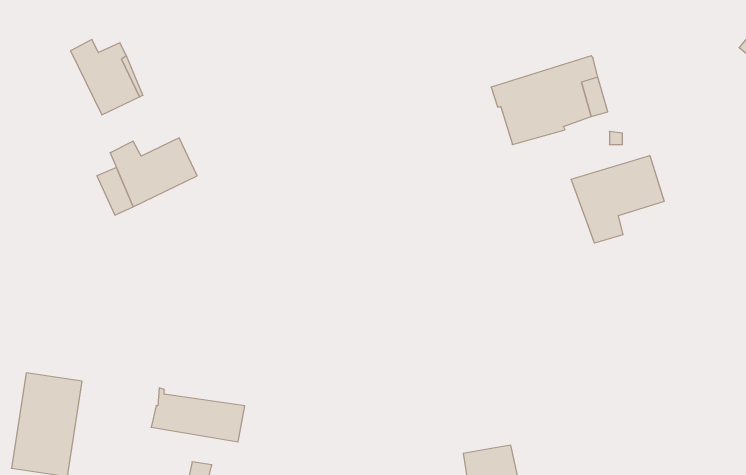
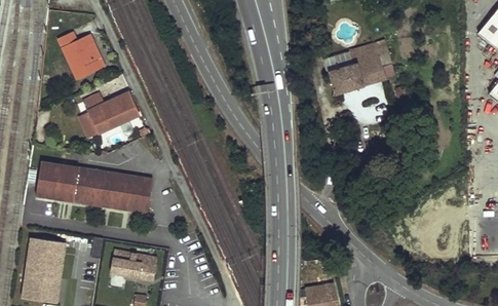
building: [571,155,664,243] -> none
building: none -> [36,160,153,212]

